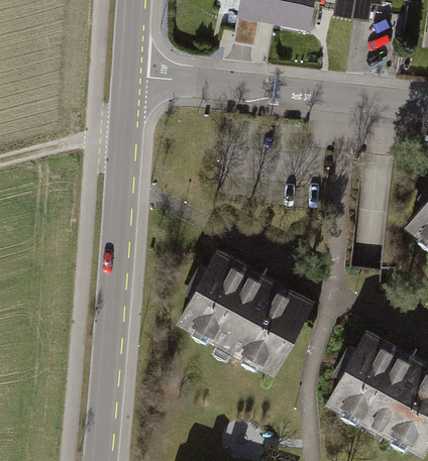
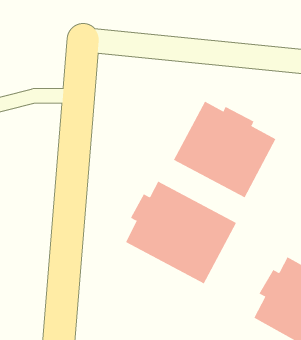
building: none -> [173,101,276,198]

